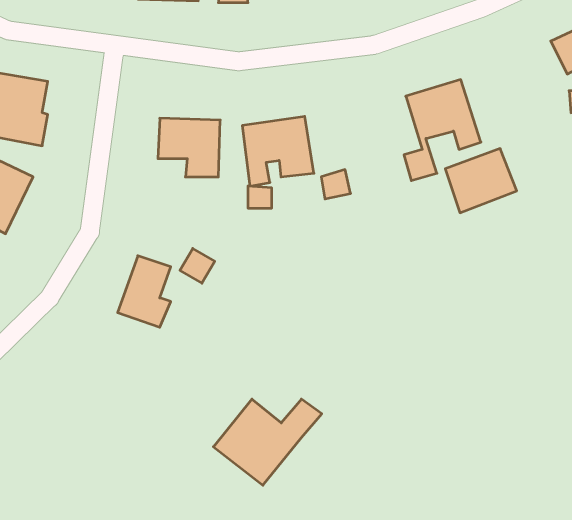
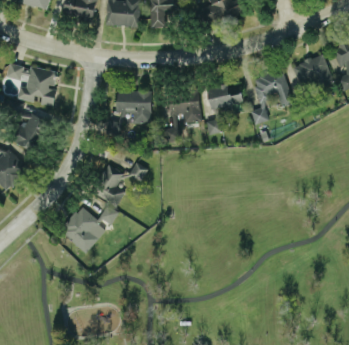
building: none -> [206,83,242,110]
building: [445,149,517,213] -> [292,55,331,90]
building: [213,399,322,485] -> [59,206,118,253]

